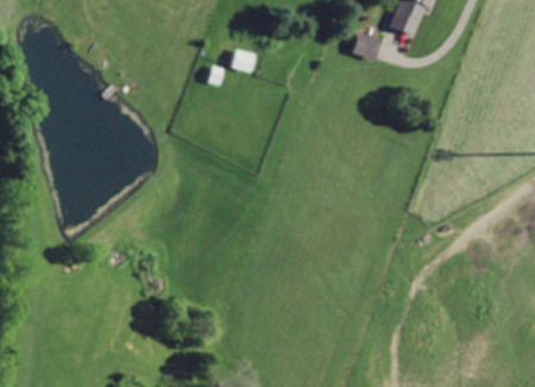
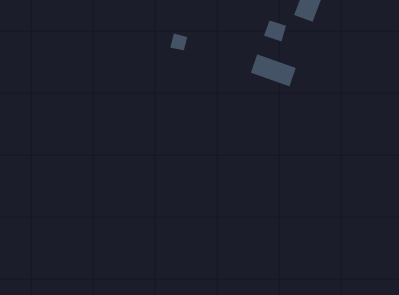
building: none -> [250,54,297,87]

